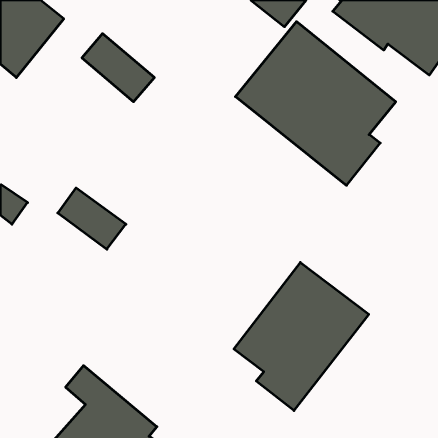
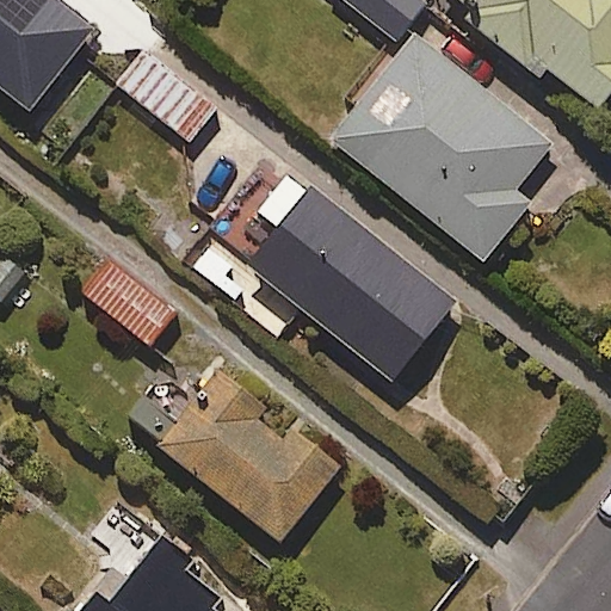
building: none -> [229,171,453,379]
building: [234,262,369,411] -> none
building: none -> [158,389,339,542]

